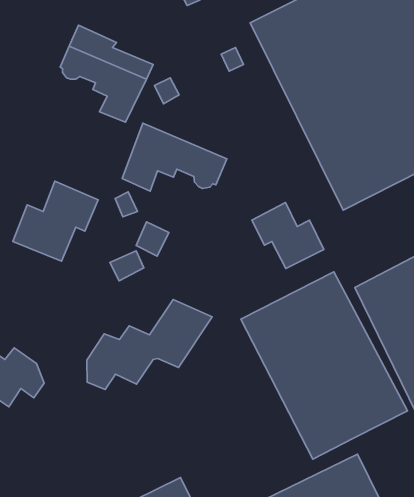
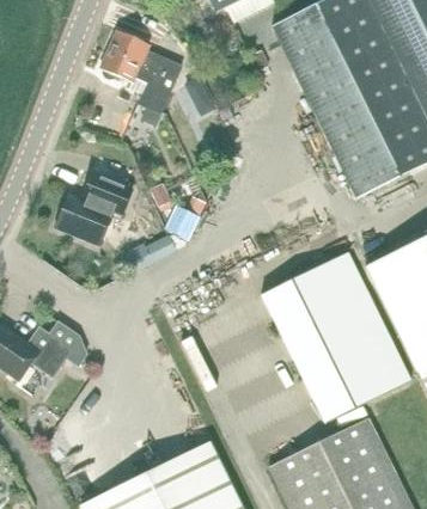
building: [122,123,227,191] -> none
building: [252,202,324,269] -> none
building: [87,299,212,389] -> none

